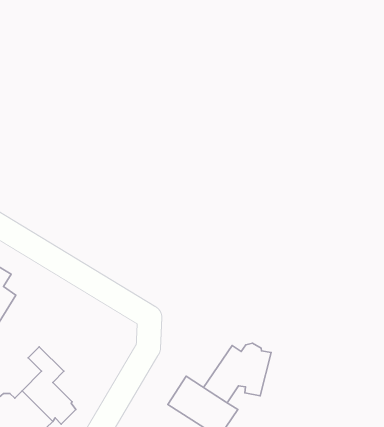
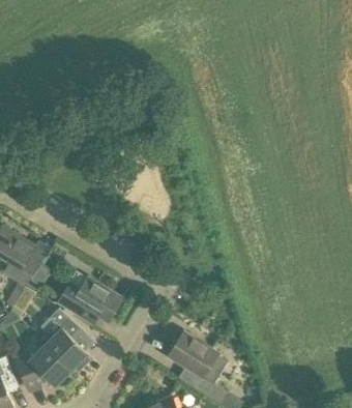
building: none -> [56,280,119,321]
building: [203,343,271,403] -> none

